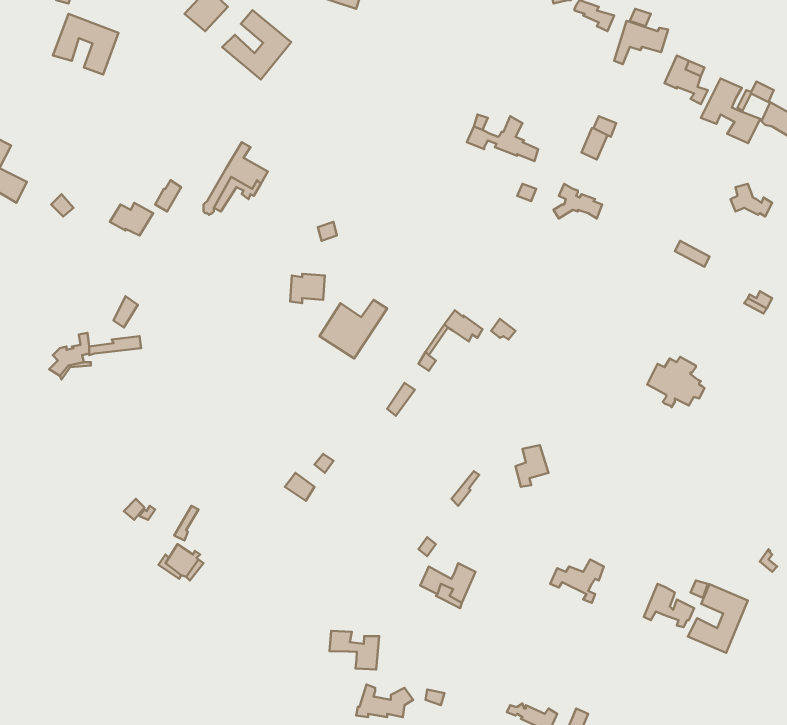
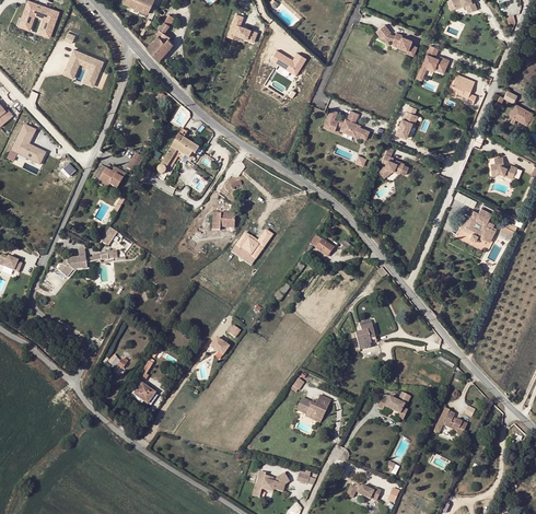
building: [222,10,291,79] -> none
building: none -> [270,48,306,73]
building: [701,78,760,143] -> none
building: [647,357,704,407] -> [459,209,496,241]
building: [688,584,748,653] -> none
building: [330,631,379,670] -> none

